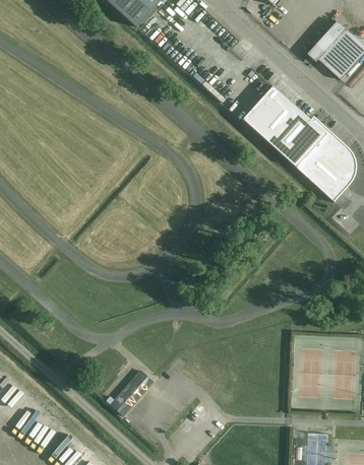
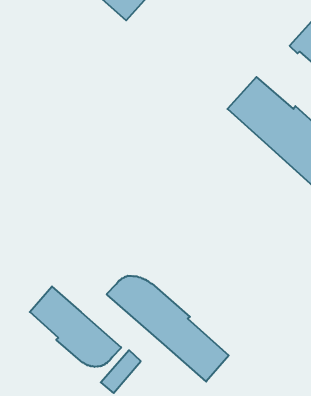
building: none -> [107,276,229,382]
building: none -> [30,286,121,367]

